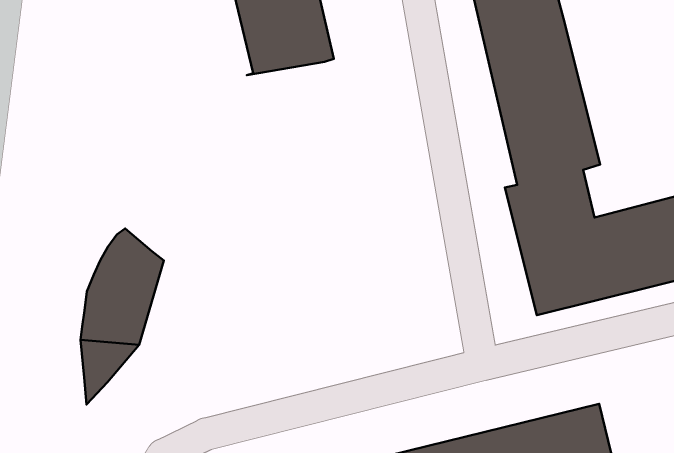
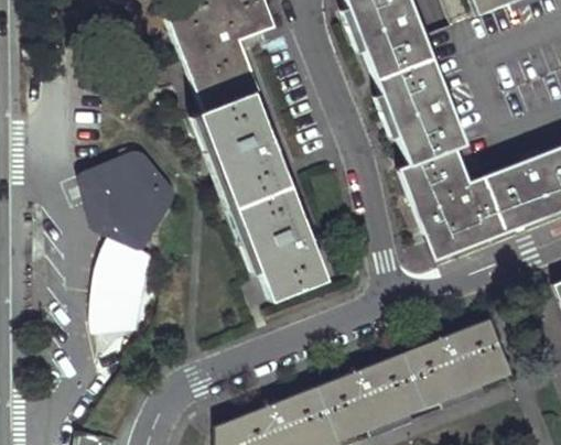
building: none -> [198,91,327,302]
building: none -> [84,156,176,251]

